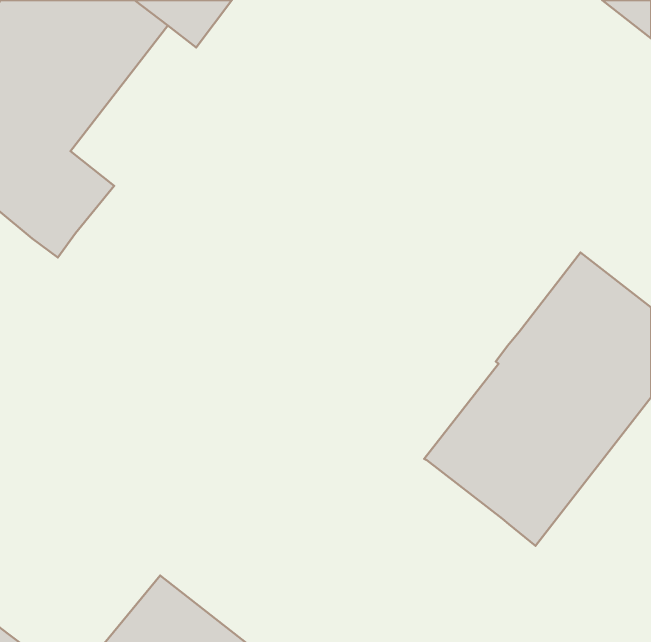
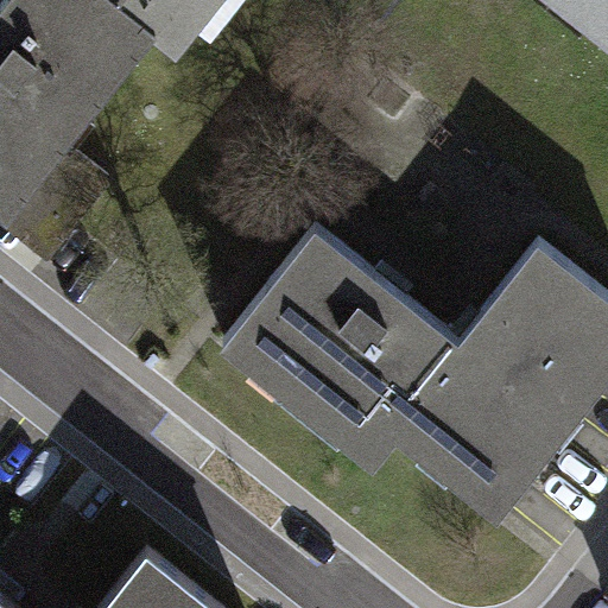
building: none -> [222,233,462,467]

